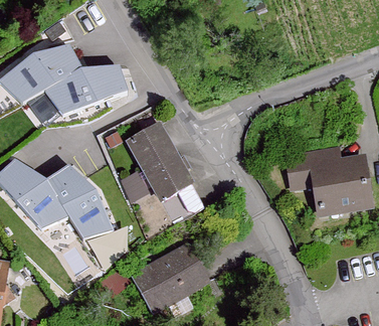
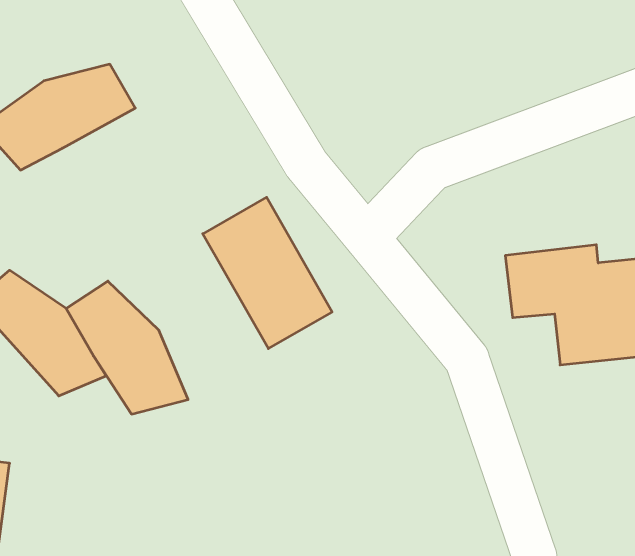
building: [44,68,129,117] -> none
building: [135,242,212,313] -> none

